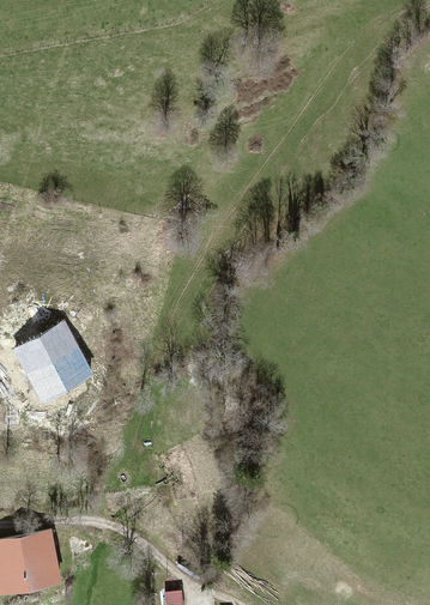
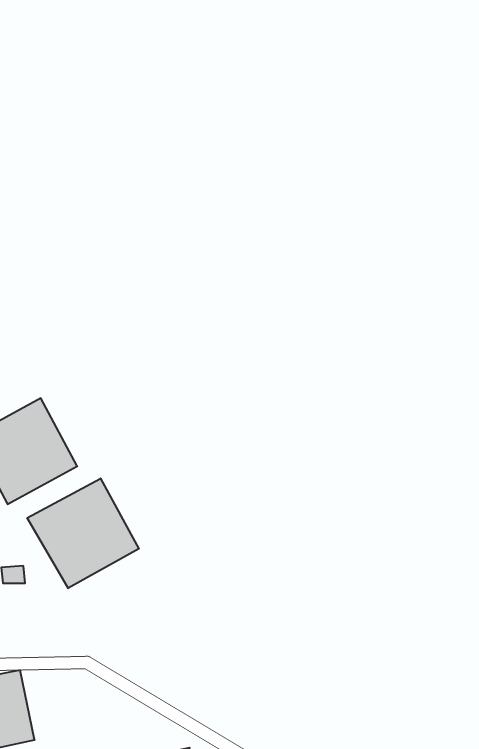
building: none -> [27,478,139,588]

